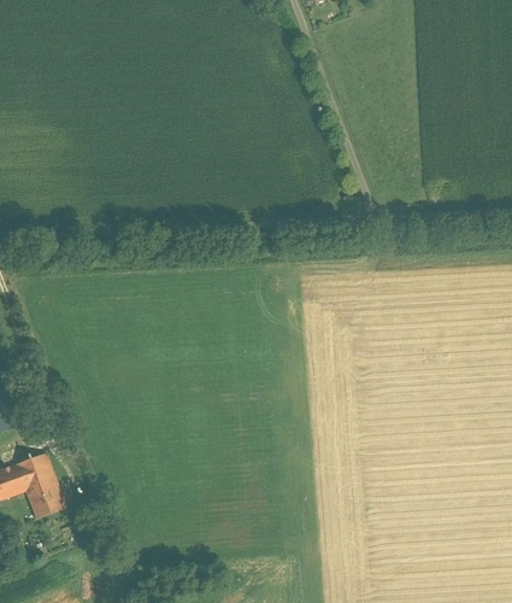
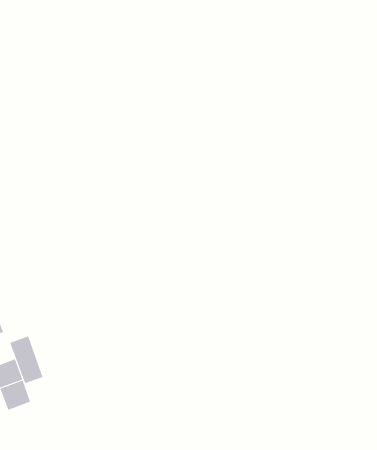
building: none -> [10,336,43,384]

